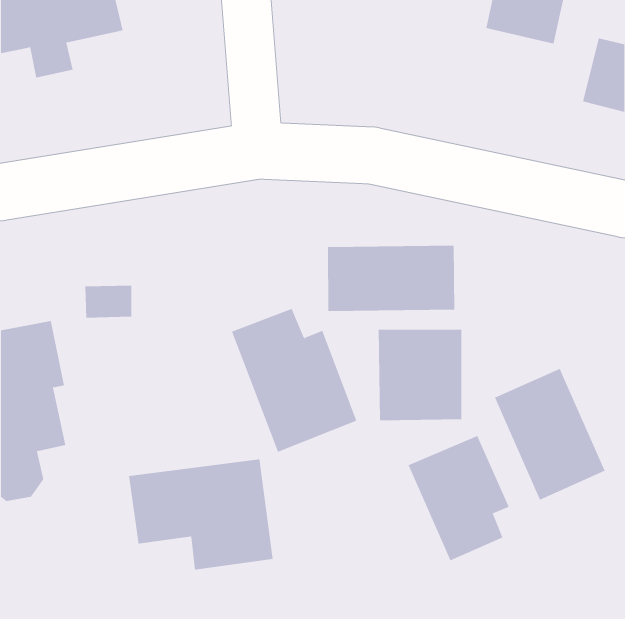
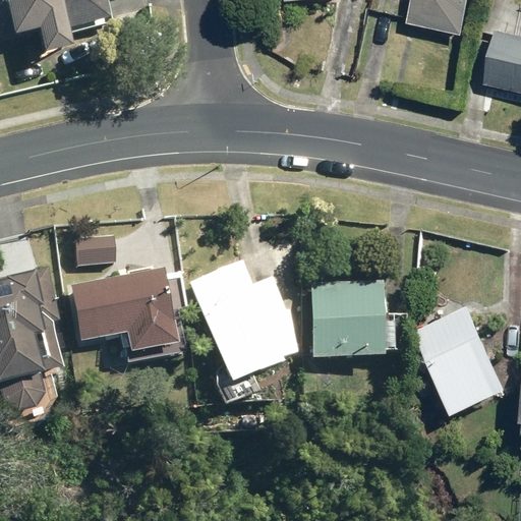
building: [327,245,455,312] -> none
building: [408,435,509,561] -> none
building: [128,459,274,570] -> [64,271,185,363]

